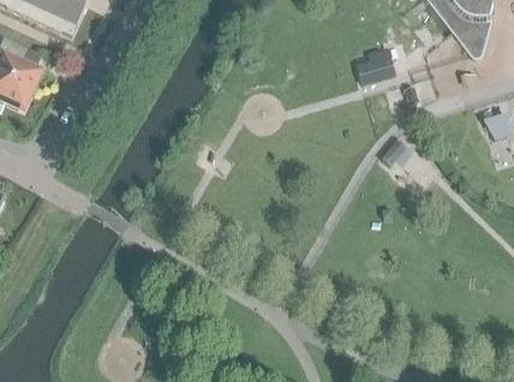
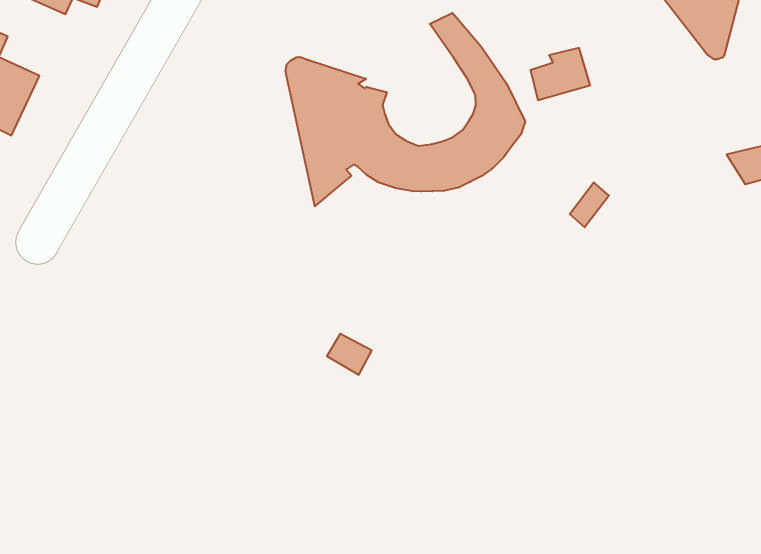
building: none -> [286,13,525,206]

